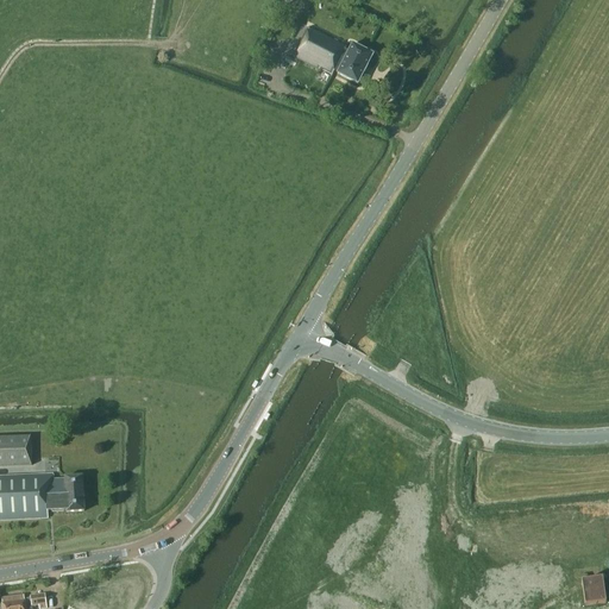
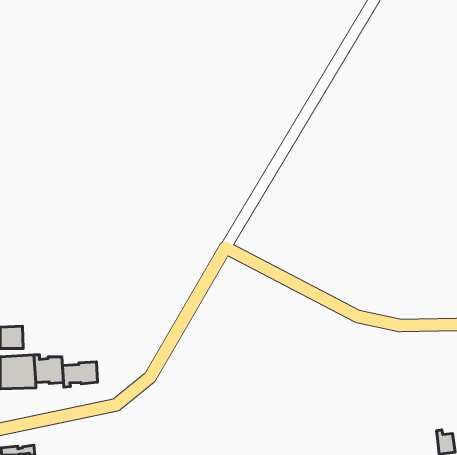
building: [294,25,372,82] -> none
building: none -> [62,362,98,387]

